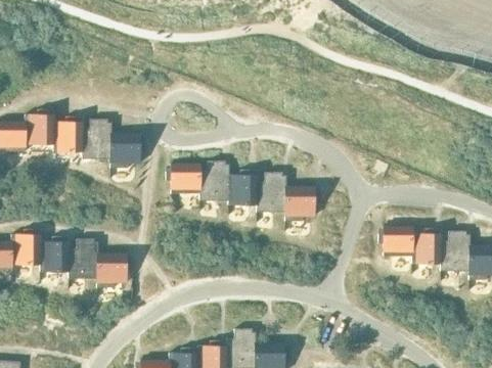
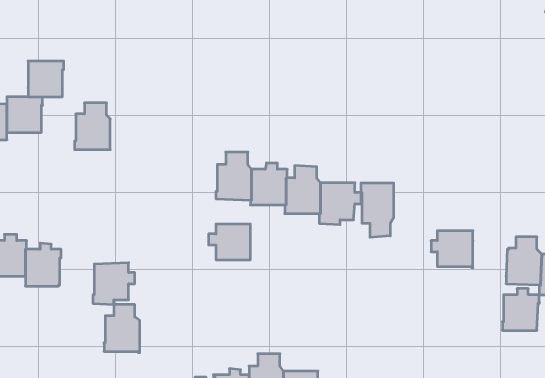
building: [54,122,84,151] -> [28,61,64,97]
building: [110,133,145,168] -> none
building: [166,164,200,193] -> [209,224,250,260]
building: none -> [361,183,394,237]
building: [412,229,443,264] -> [502,289,539,330]
building: [69,239,98,279] -> [104,305,140,353]

